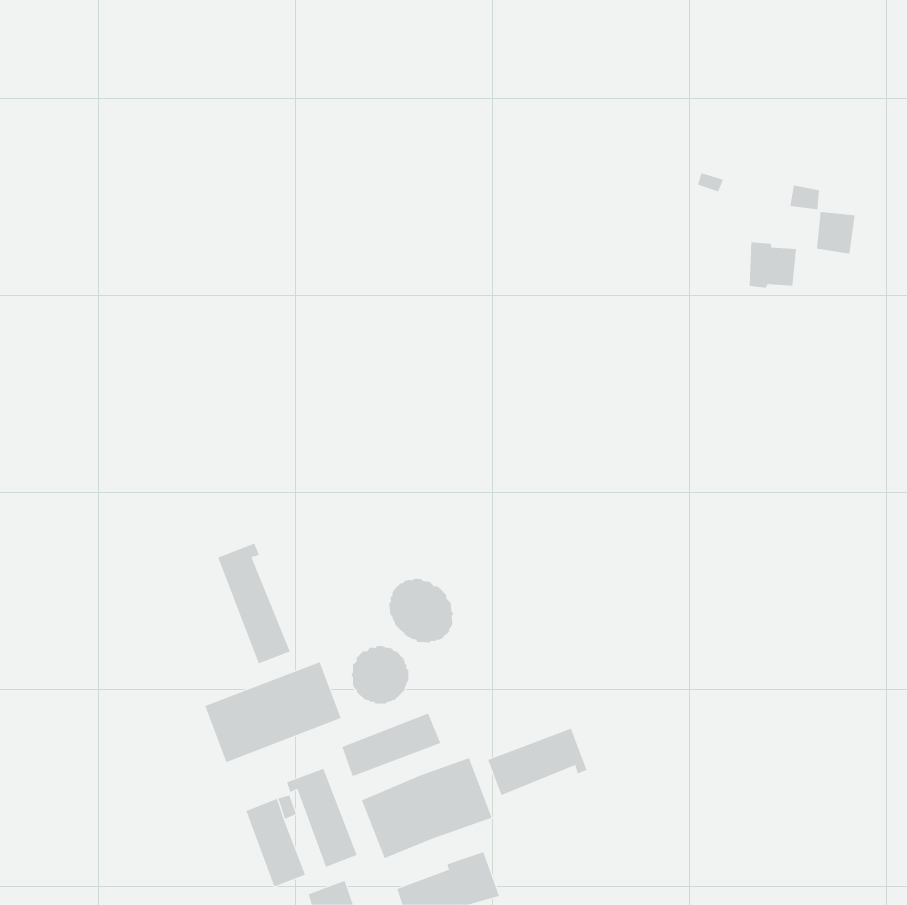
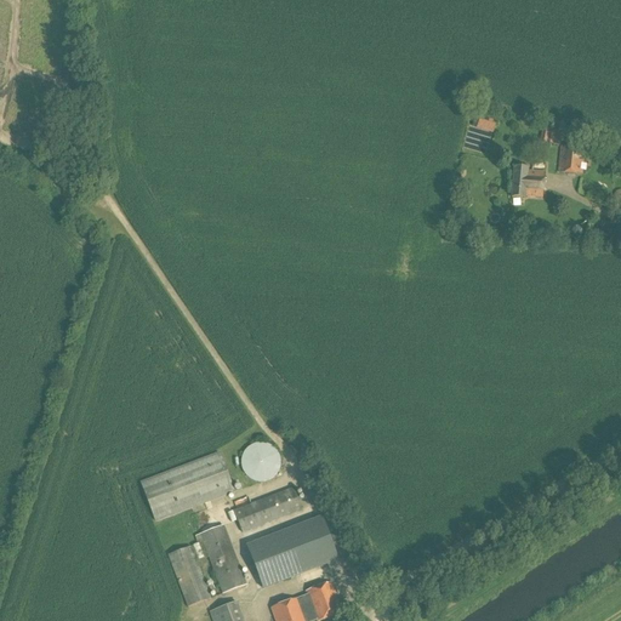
building: [217,543,290,664] -> none
building: [389,578,454,643] -> none
building: [488,728,587,796] -> none

